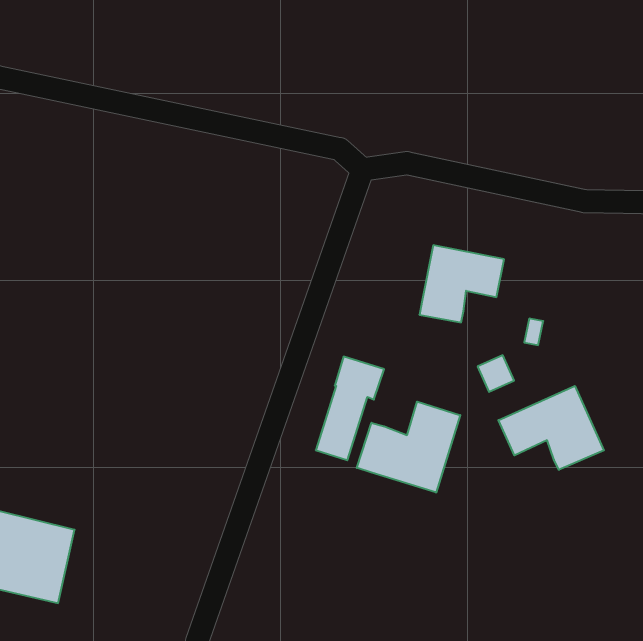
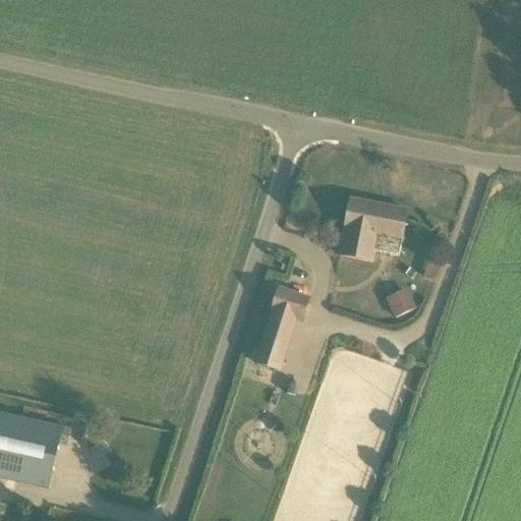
building: [498,386,604,470] -> none
building: [357,402,460,493] -> none

